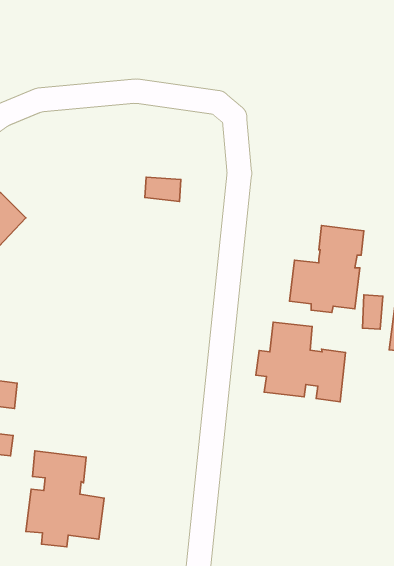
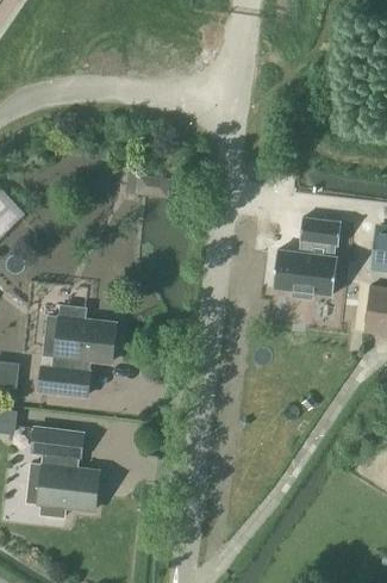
building: none -> [40,305,120,395]
building: [256,322,346,402] -> none

